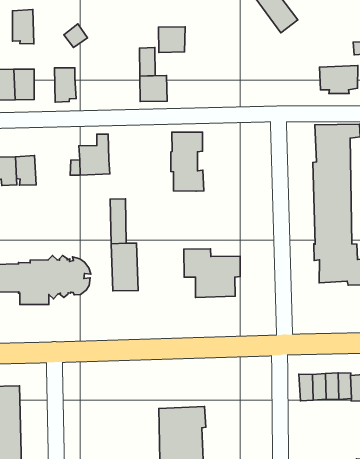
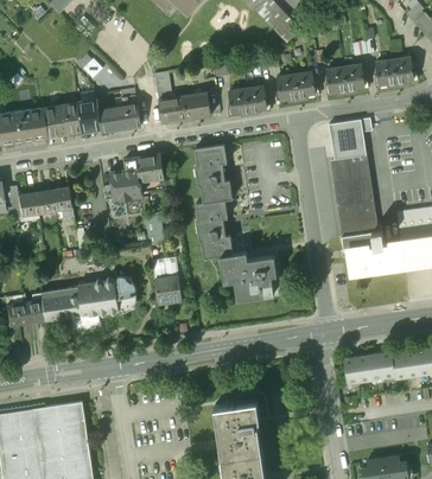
building: [12,9,34,44] -> [59,102,83,135]
building: [158,27,185,53] -> [184,92,211,120]
building: none -> [278,71,316,101]
building: none -> [229,85,268,116]
building: none -> [99,103,141,132]
building: none -> [136,154,165,181]
building: none -> [197,200,233,258]

